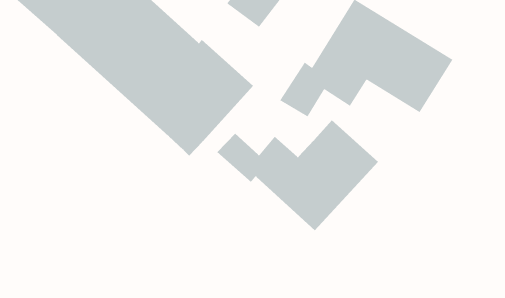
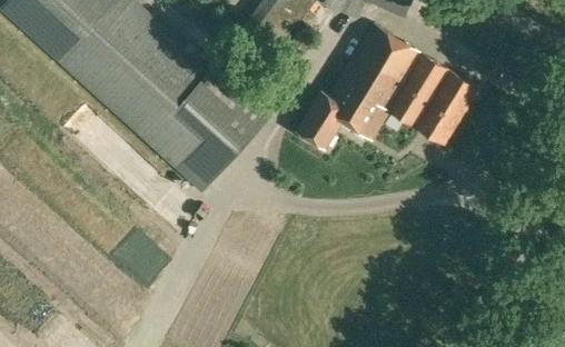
building: [216,119,379,231] -> none

